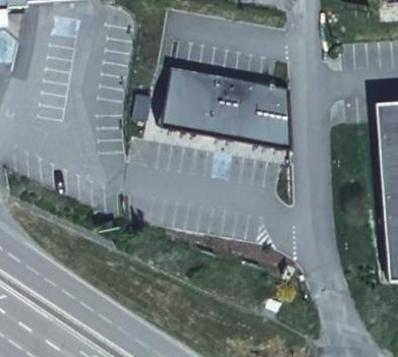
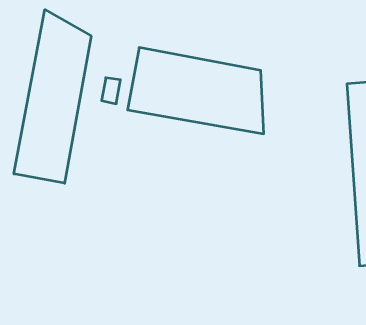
building: none -> [14,10,91,183]

